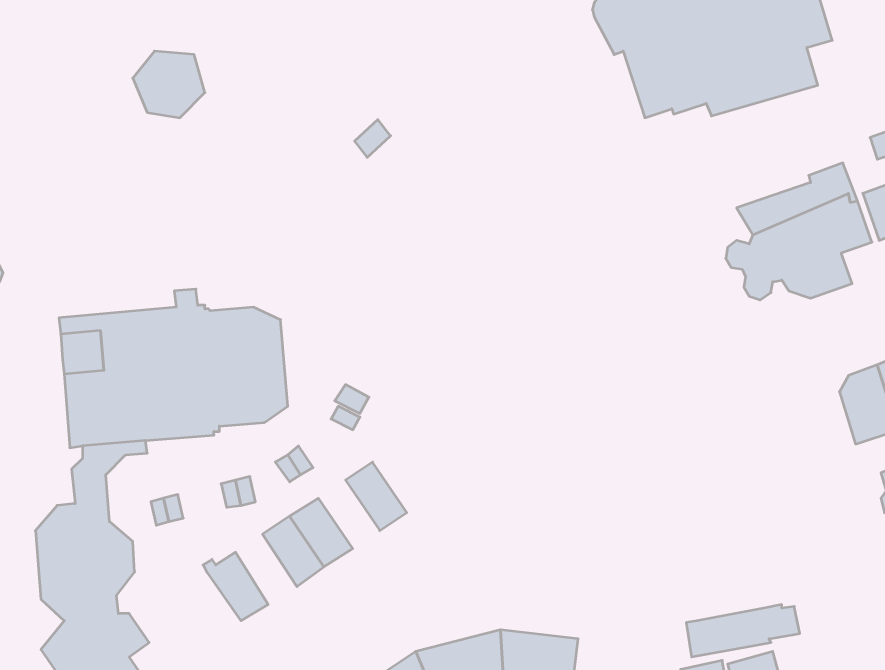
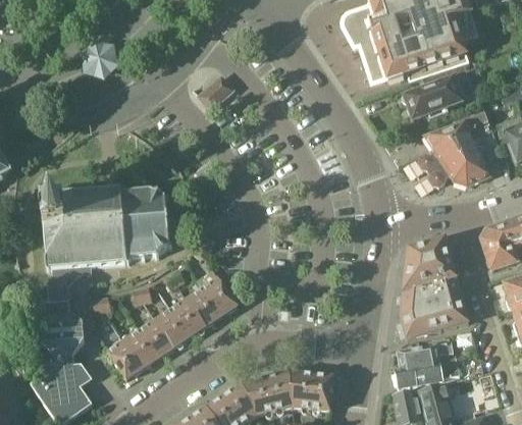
building: none -> [402,70,475,119]
building: none -> [401,238,469,338]
building: none -> [188,287,222,326]
building: none -> [141,318,175,358]
building: none -> [108,339,144,379]
building: none -> [399,340,454,367]

